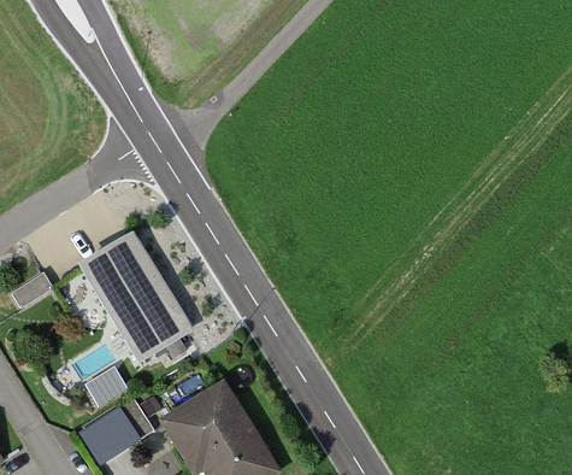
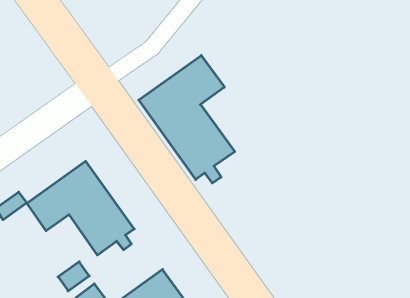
building: none -> [139,55,235,183]

